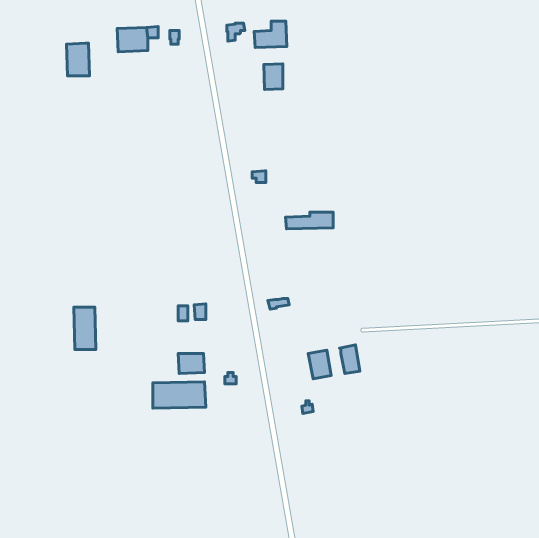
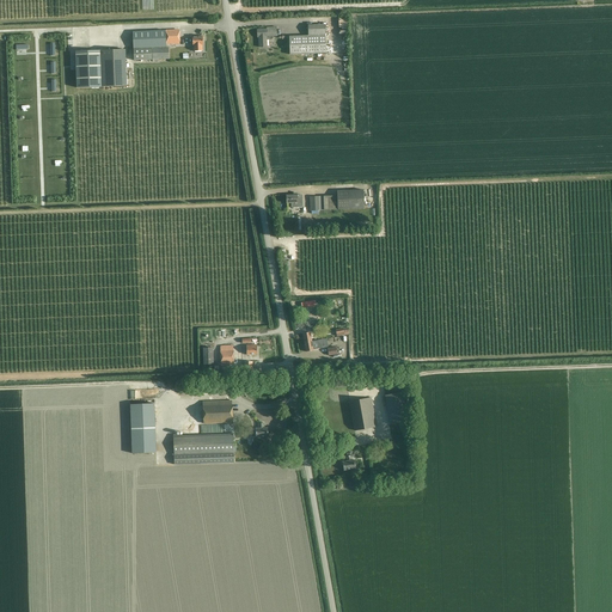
building: none -> [100,50,127,87]
building: [264,64,283,89] -> none
building: [286,212,333,229] -> [310,190,363,209]
building: [74,307,96,349] -> [130,404,155,452]

